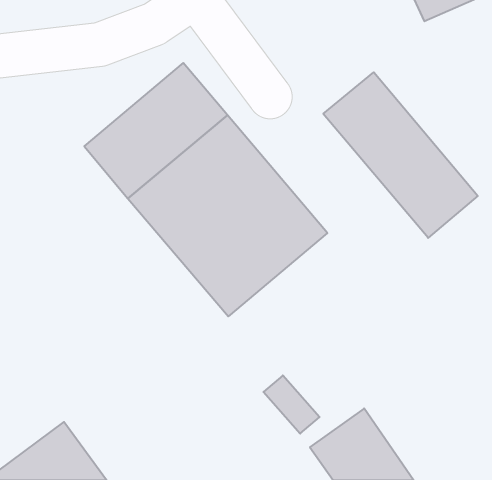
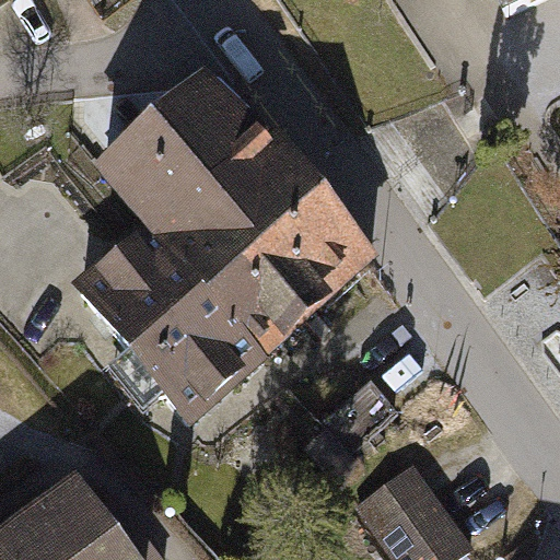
building: [323,72,478,238] -> none
building: none -> [79,224,258,413]

